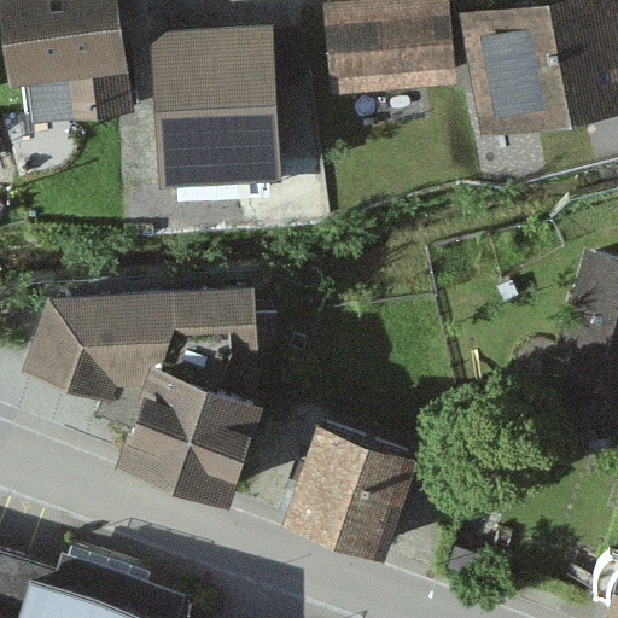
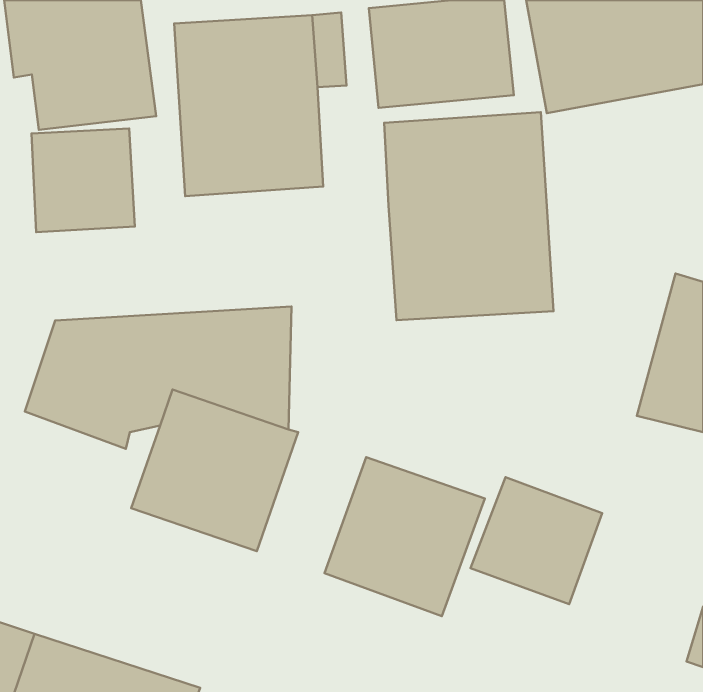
building: none -> [384,112,554,320]
building: none -> [32,129,135,232]
building: none -> [471,477,602,604]

